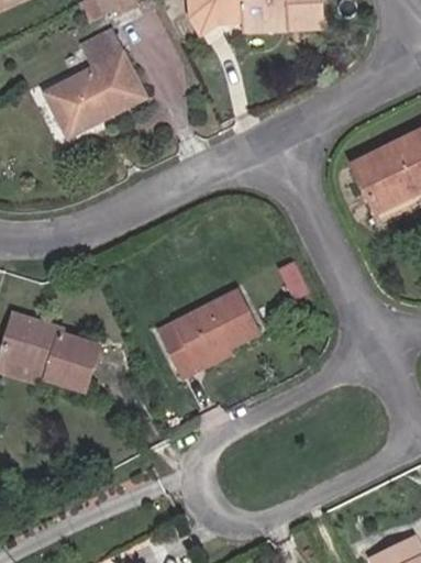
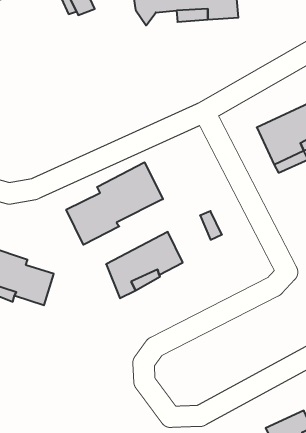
building: [49,31,147,132] -> none
building: none -> [66,162,163,245]

